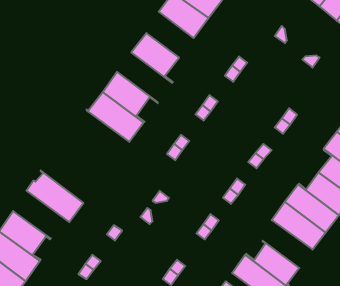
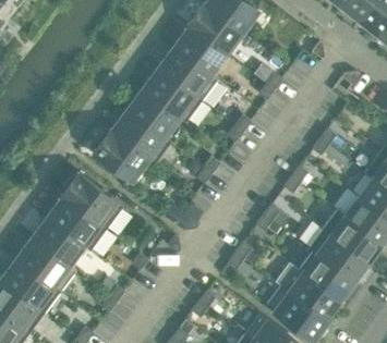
building: none -> [174,26,225,75]
building: none -> [143,70,202,123]
building: none -> [94,132,156,181]
building: none -> [61,174,123,231]
building: none -> [32,218,92,269]
building: none -> [299,249,352,301]

